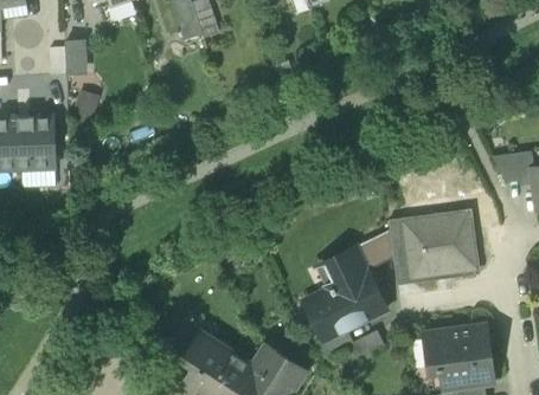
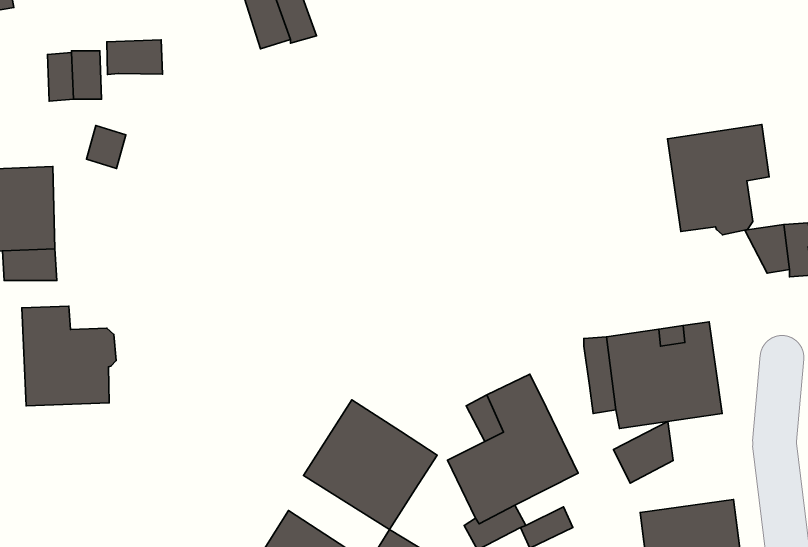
building: none -> [107,40,163,74]
building: none -> [668,124,769,235]
building: none -> [22,306,116,406]
building: [355,228,393,267] -> [613,421,673,483]
building: none -> [303,400,437,529]

